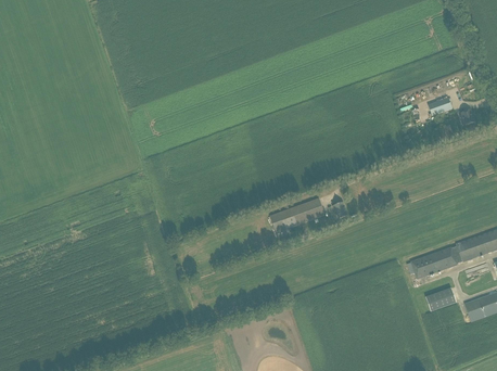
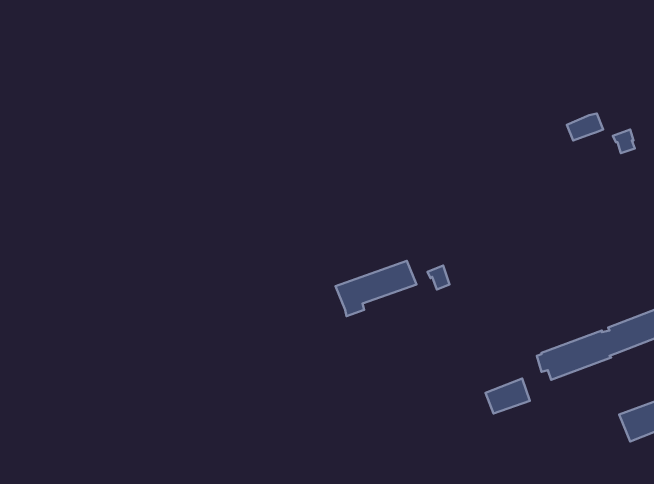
building: [426,286,457,310] -> [486,379,530,413]

